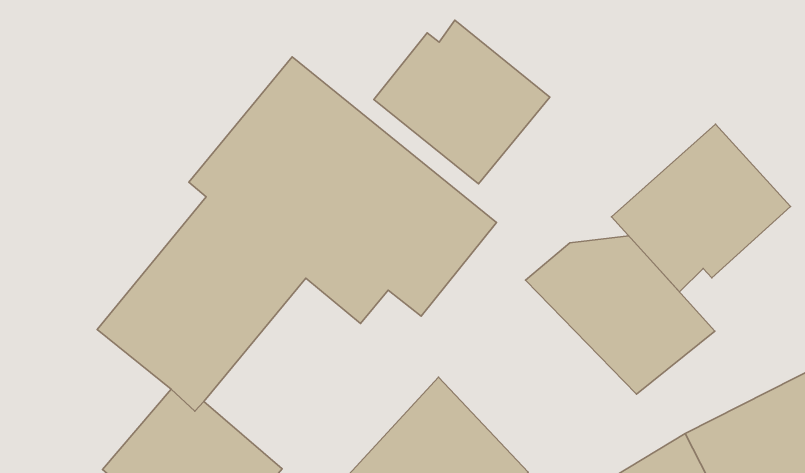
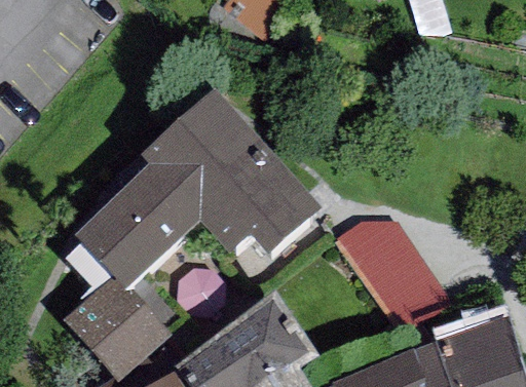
building: [374,20,550,184] -> none
building: [612,124,790,292] -> none

